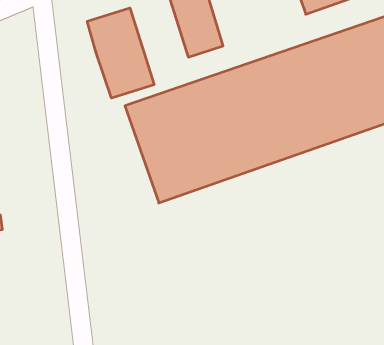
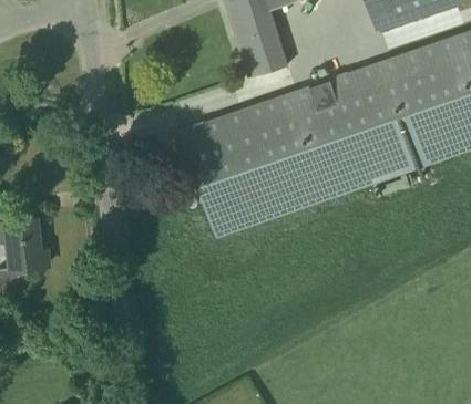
building: [87,8,154,98] -> none

